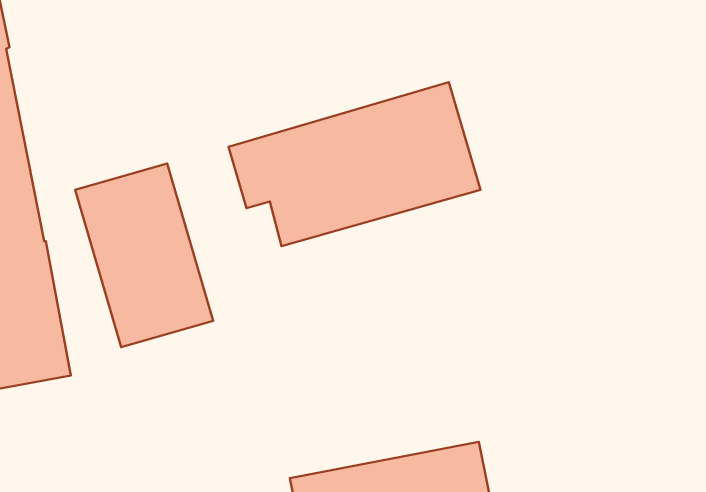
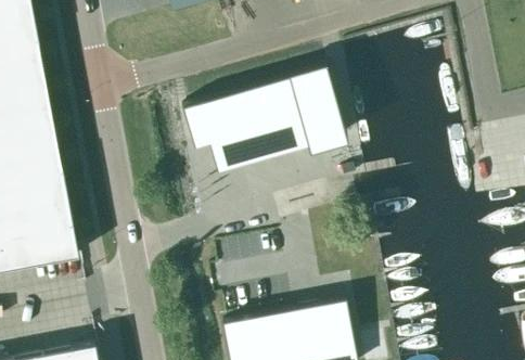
building: [75,164,213,347] -> none

